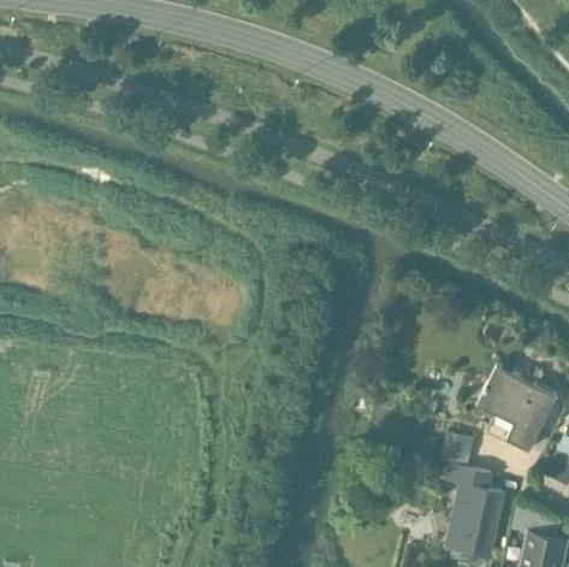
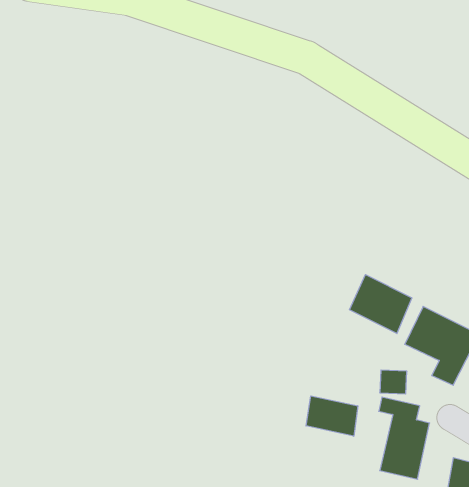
building: none -> [350,275,412,334]
building: none -> [306,396,358,436]

